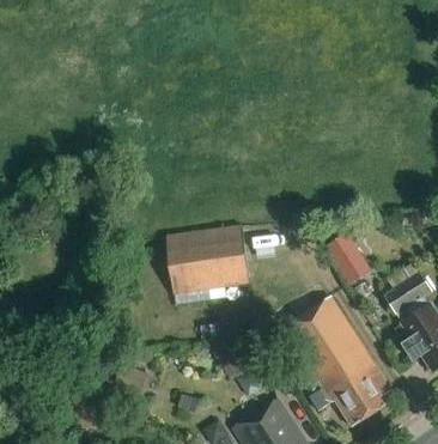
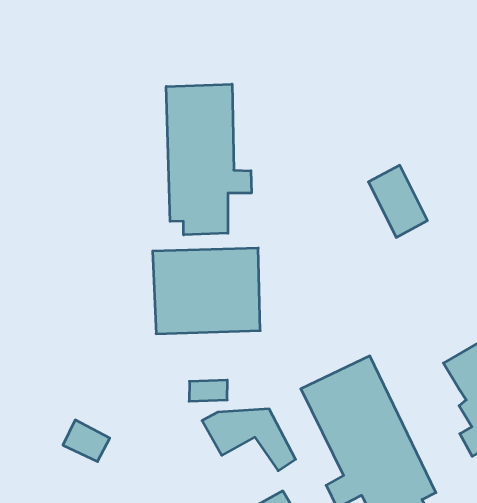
building: none -> [166,84,251,235]
building: [324,231,370,284] -> [368,165,427,237]

